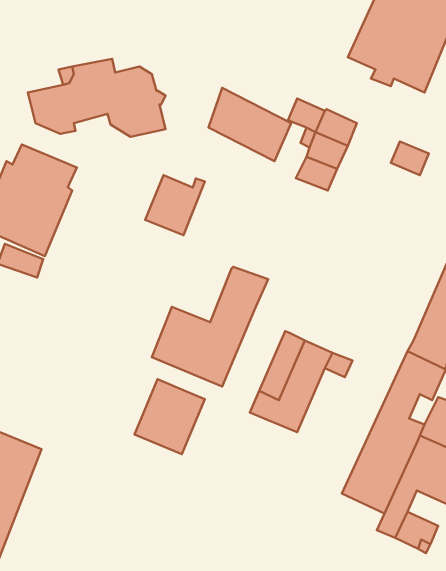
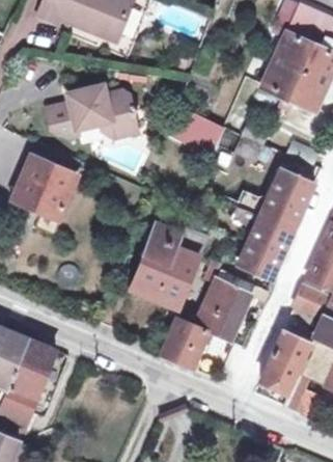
building: none -> [238,165,314,279]
building: [145,175,205,235] -> [143,224,184,265]
building: [134,379,205,454] -> [161,318,209,369]

